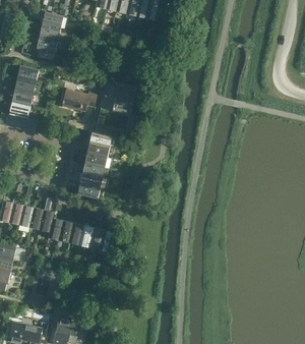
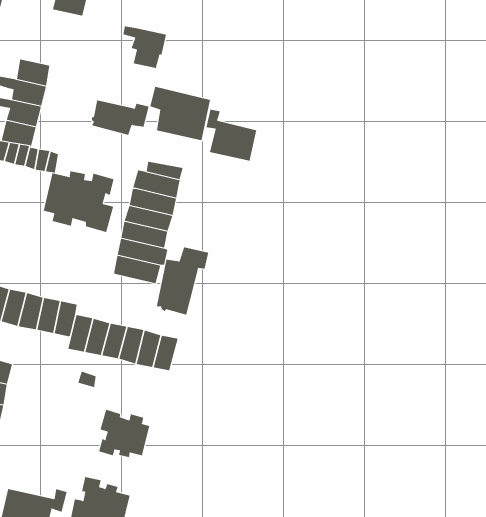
building: [29,35,56,60] -> [122,26,167,69]
building: none -> [206,109,257,162]
building: none -> [43,170,114,233]
building: none -> [156,246,209,316]
building: none -> [98,409,150,458]

